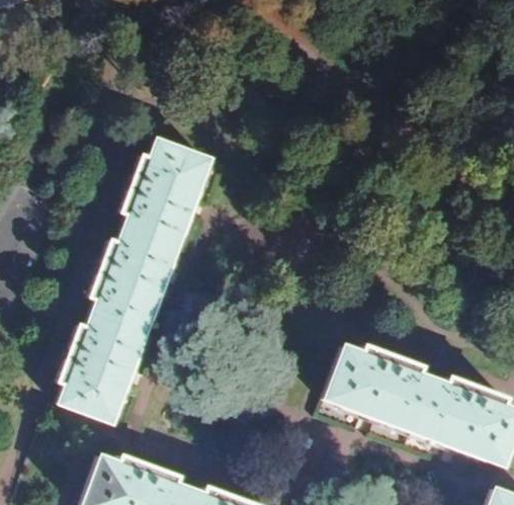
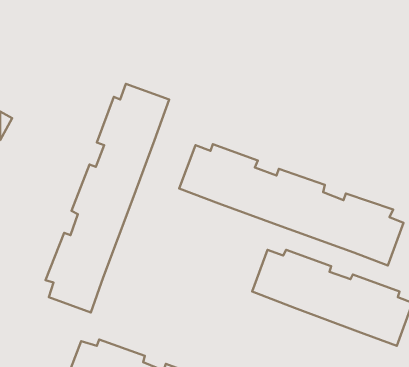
building: none -> [179,144,404,266]

